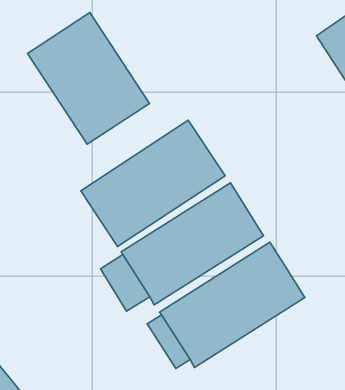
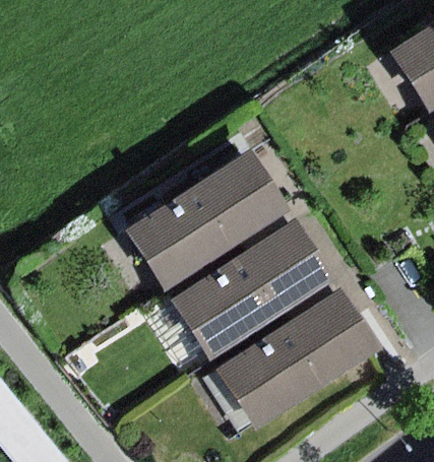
building: [28,13,149,144] -> none

